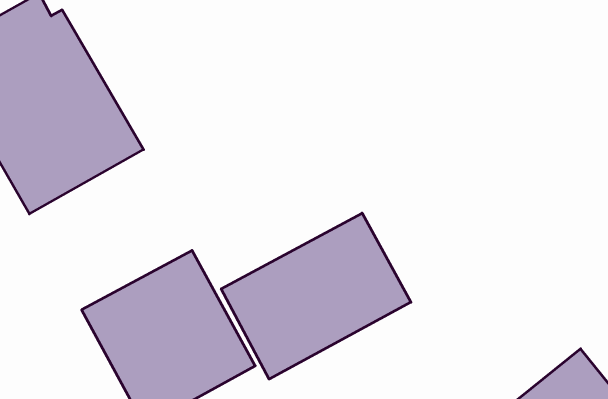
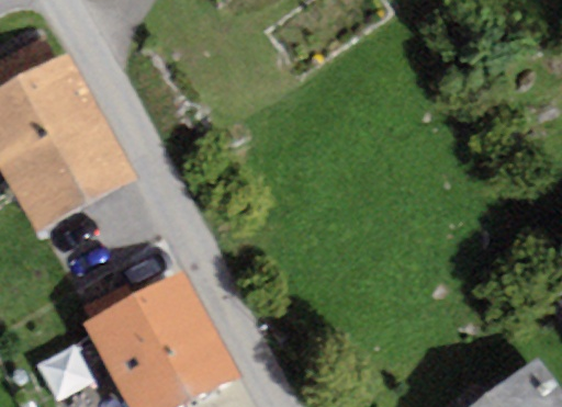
building: [221,213,411,379] -> none

